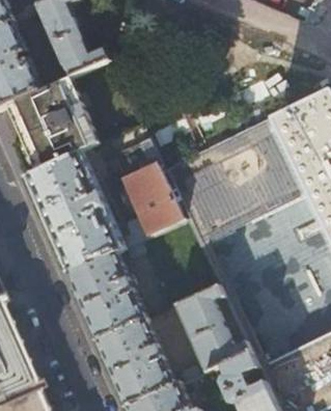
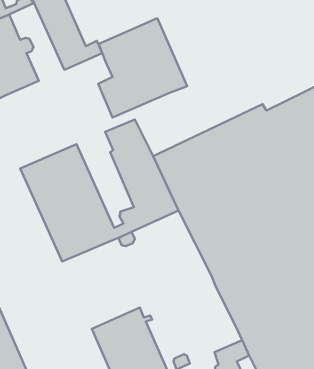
building: [11,79,102,180] -> [98,19,187,118]
building: [68,253,147,342] -> none
building: [177,289,251,374] -> none

